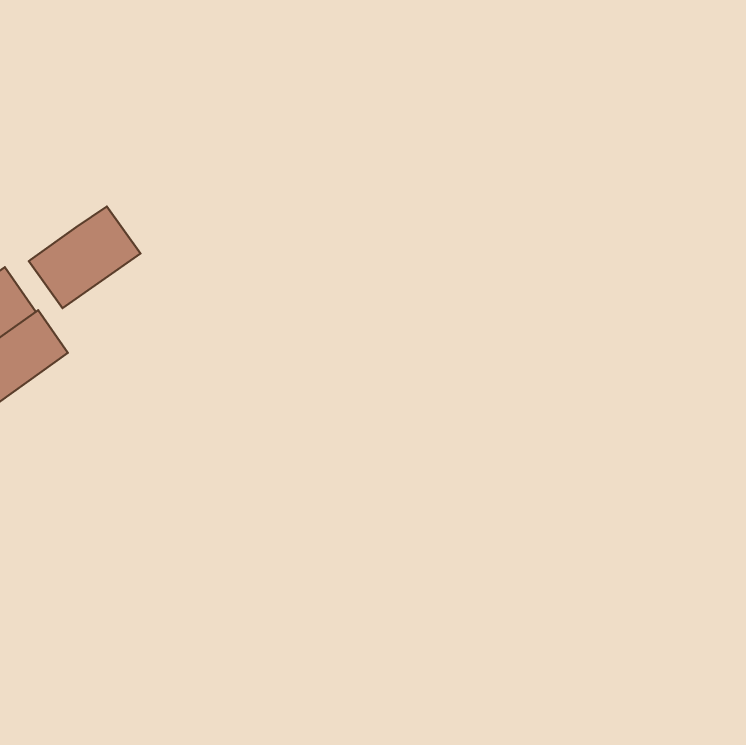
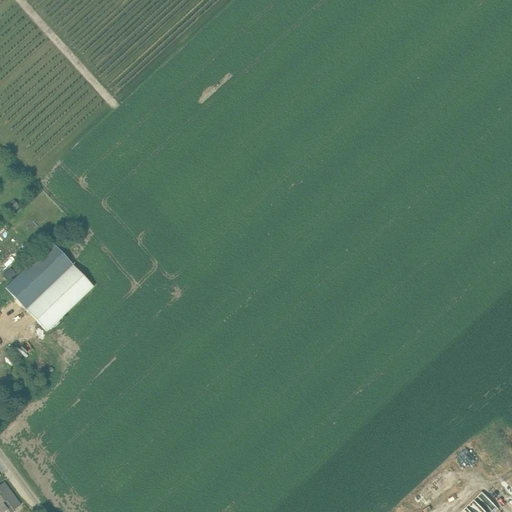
building: [29,206,140,308] -> none

